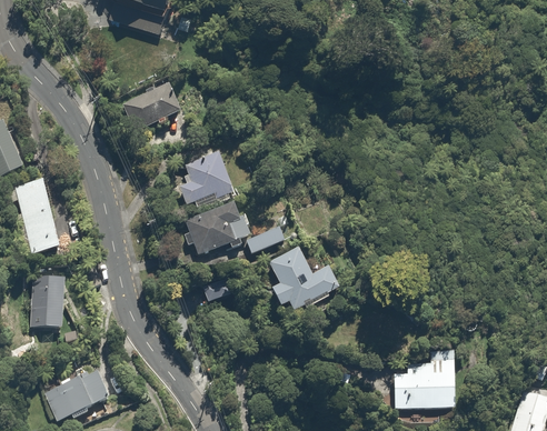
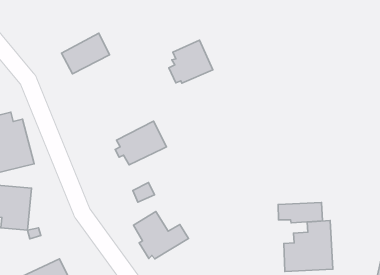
building: [177,153,233,208] -> [169,40,213,83]
building: [242,223,284,253] -> none
building: [267,247,337,308] -> [134,212,189,259]
building: none -> [278,202,323,223]

